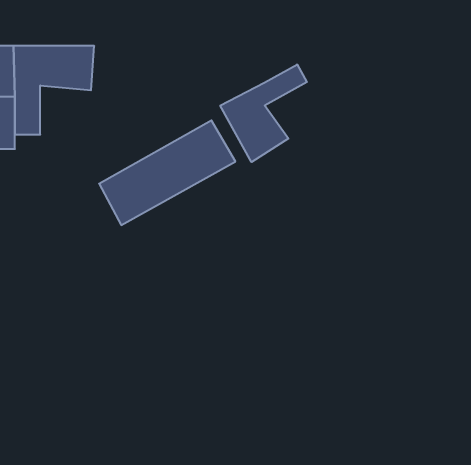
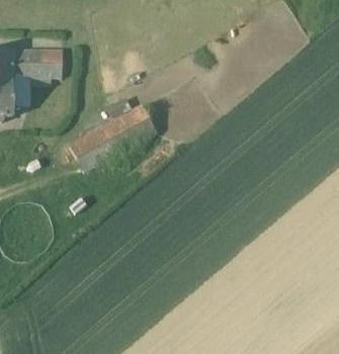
building: [220,64,307,162] -> none

